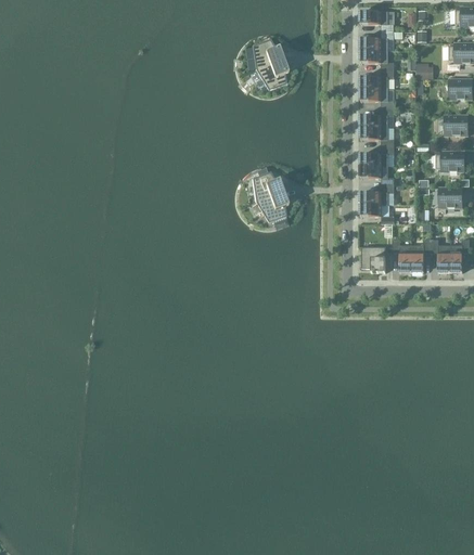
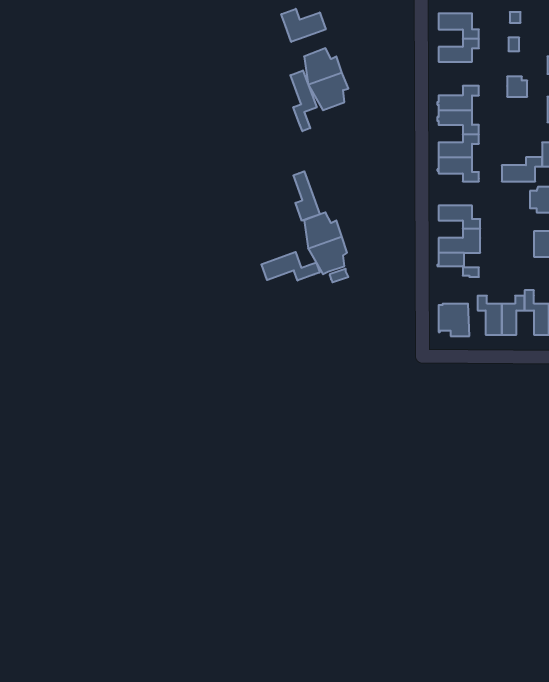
building: none -> [281,9,326,42]
building: [361,50,394,69] -> none
building: none -> [290,70,317,131]
building: none -> [293,171,320,221]
building: [361,146,394,166] -> [502,157,542,181]
building: none -> [261,252,320,281]

